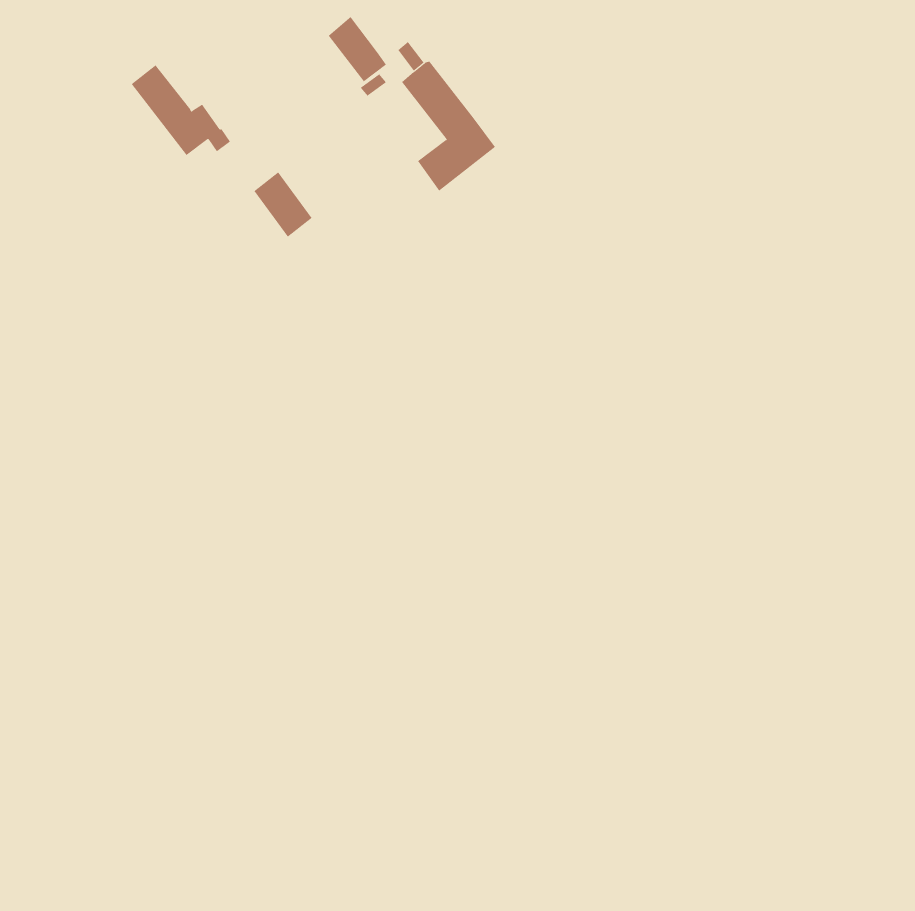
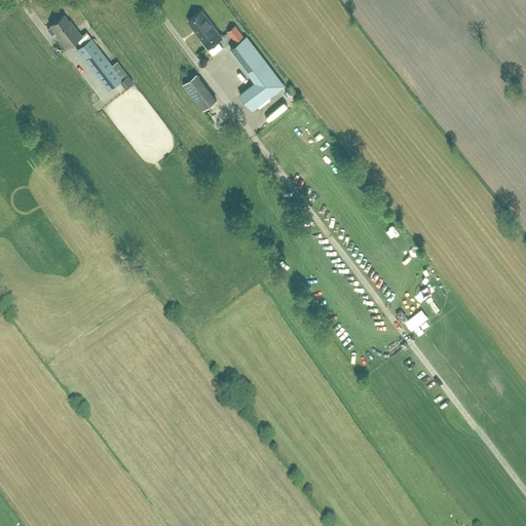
building: none -> [46,15,80,48]
building: [254,171,313,238] -> [183,74,217,112]

